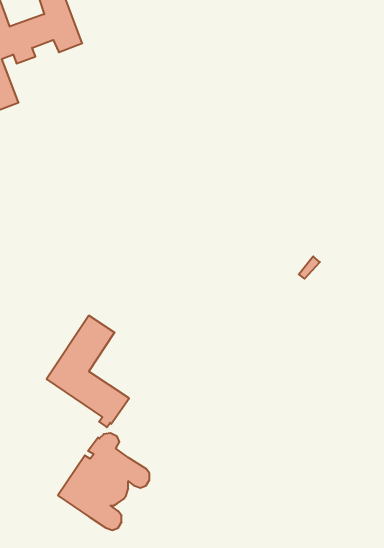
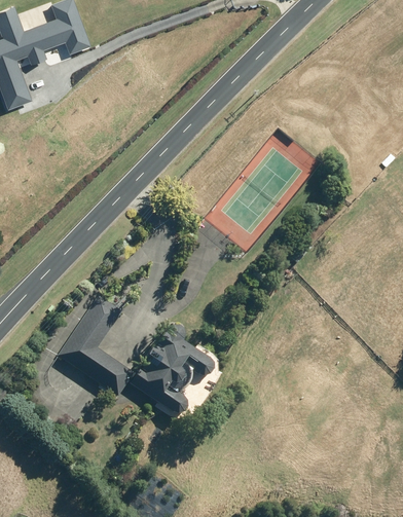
building: [58,433,149,530] -> [130,326,214,415]

